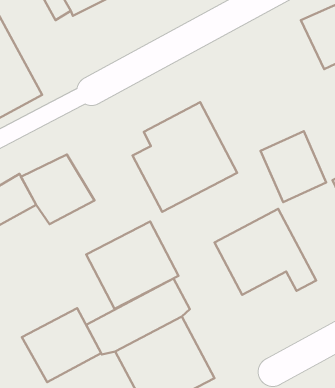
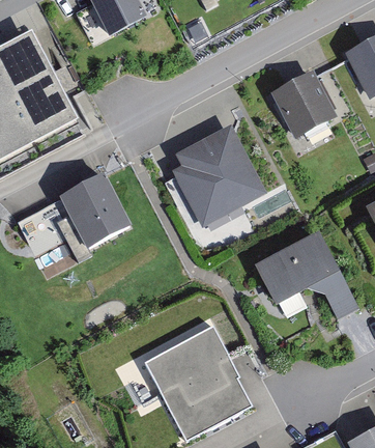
building: [261,131,326,202] -> [271,61,338,133]
building: [86,222,178,309] -> none
building: [22,308,101,382] -> none

